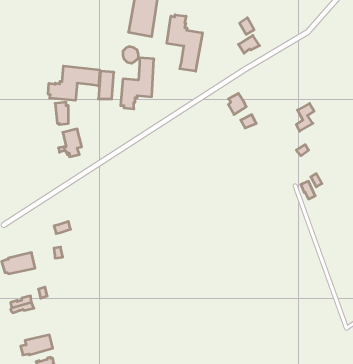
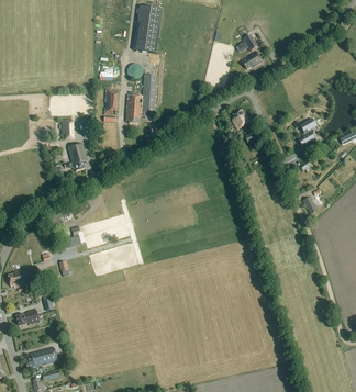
building: [167,15,202,71] -> none
building: [48,66,100,100] -> none

